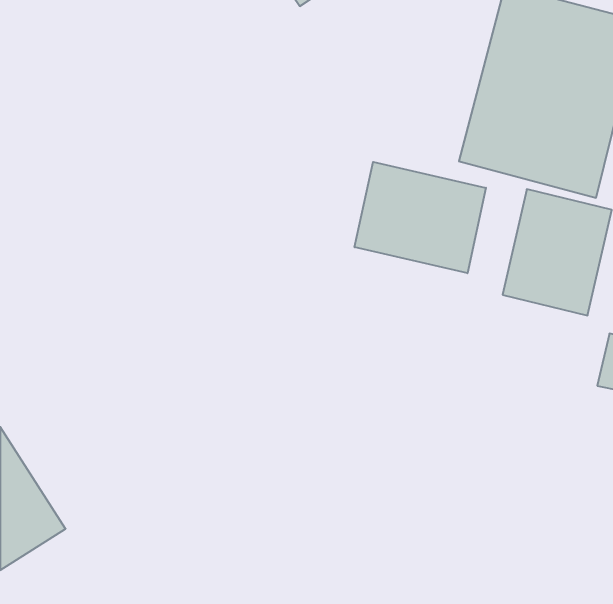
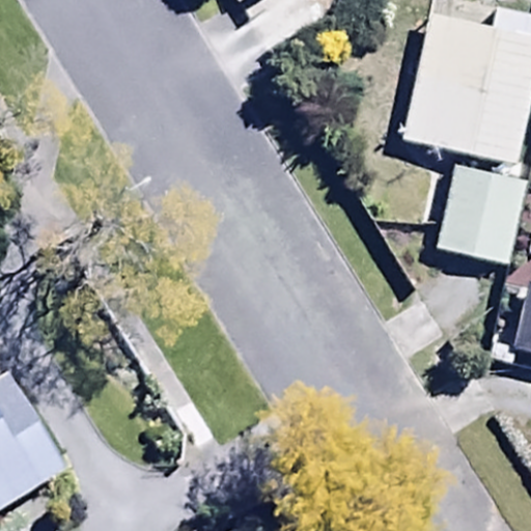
building: [355,162,486,273] -> none

